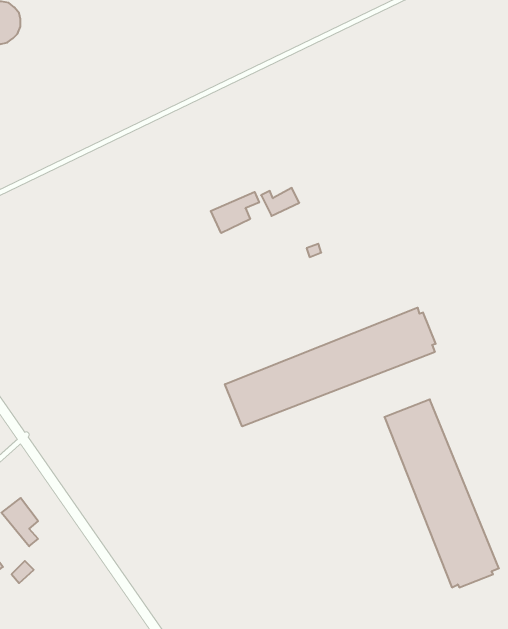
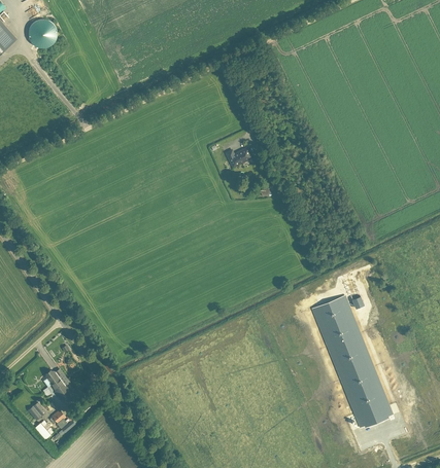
building: [211,192,259,233] -> none
building: [225,308,436,426] -> none

